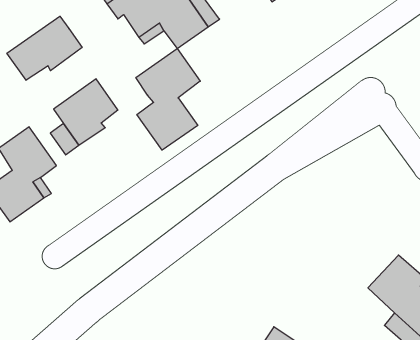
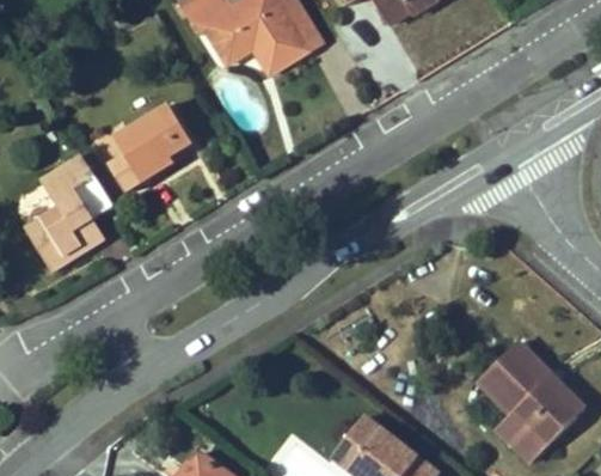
building: [7,16,82,80] -> none
building: [136,49,200,150] -> none

